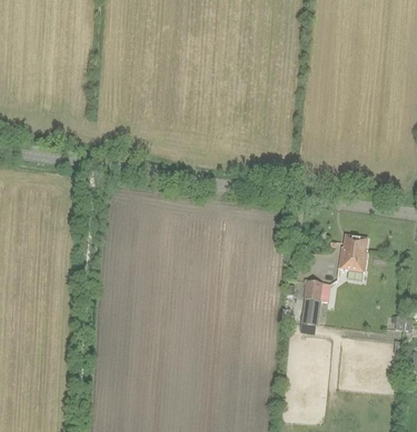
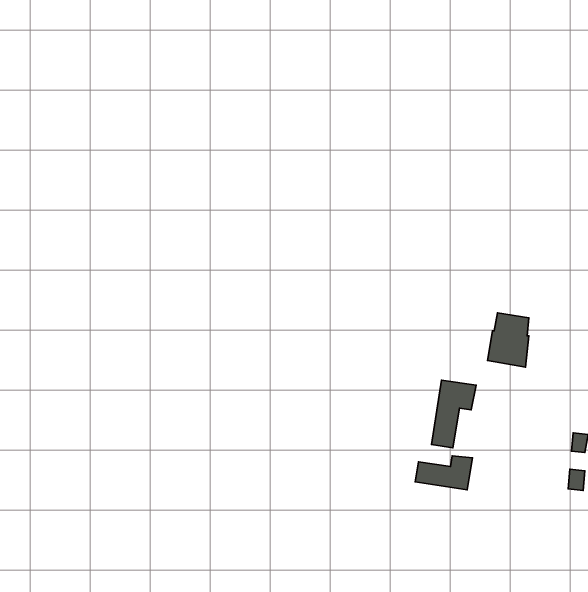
building: none -> [415,456,472,490]

